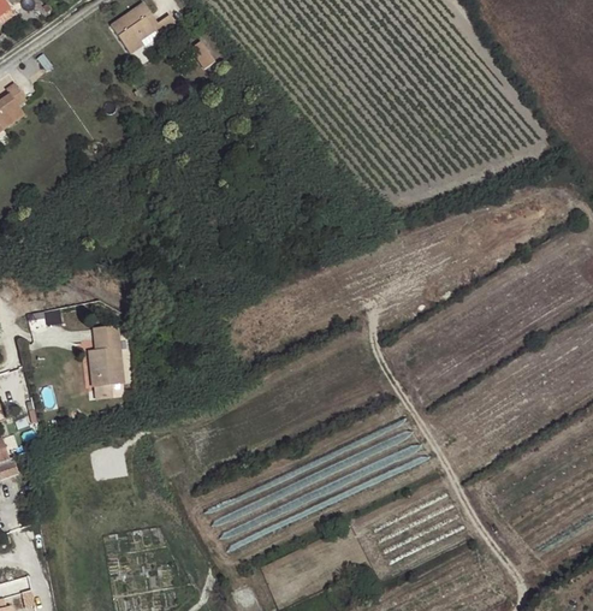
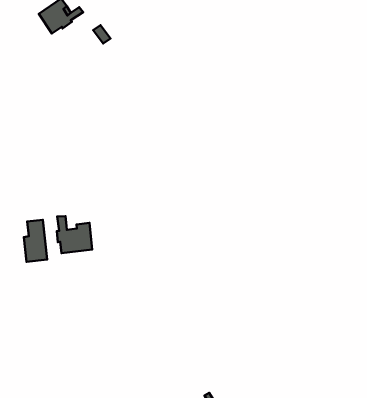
building: none -> [57,216,92,253]

